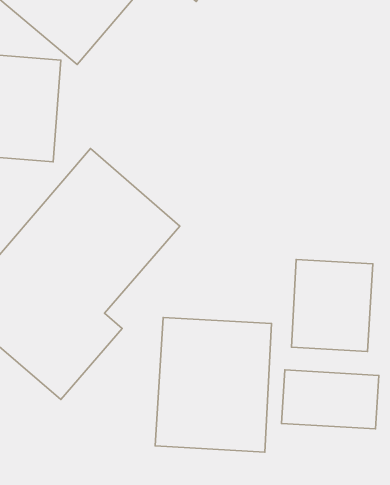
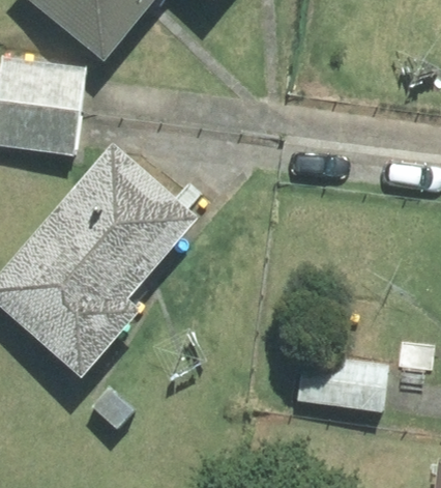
building: [292,259,373,351] -> none
building: [155,317,271,452] -> none

